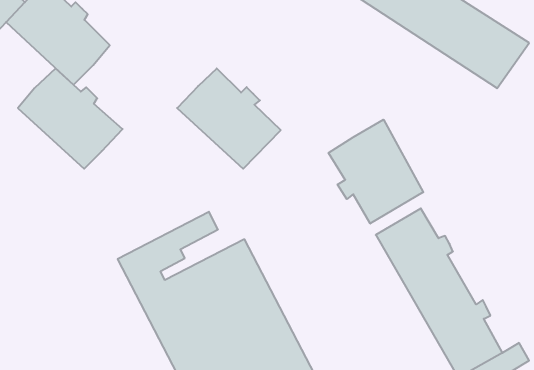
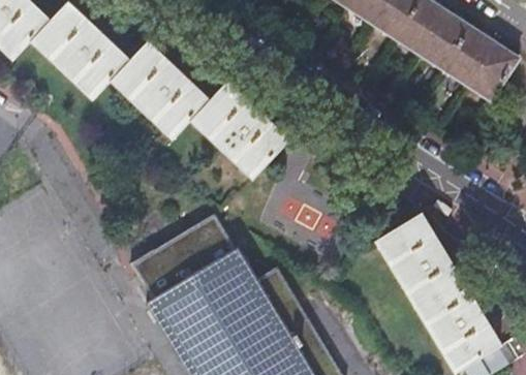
building: [18,68,123,169] -> [110,41,208,135]
building: [329,120,423,224] -> none

